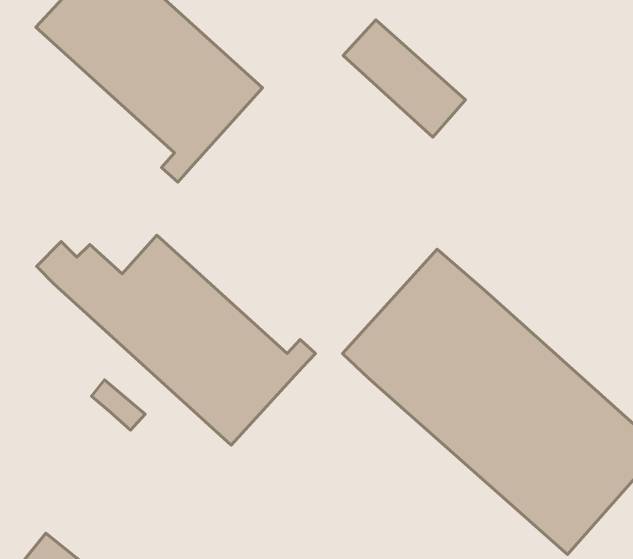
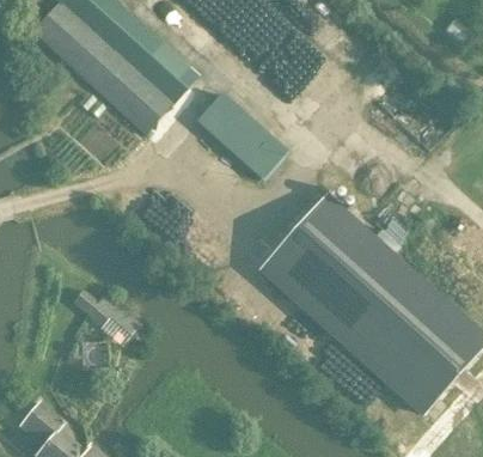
building: [343,20,465,137] -> [197,92,287,178]
building: [37,235,315,445] -> none

